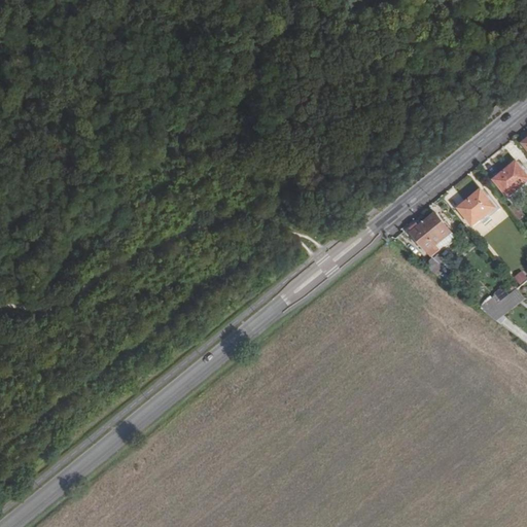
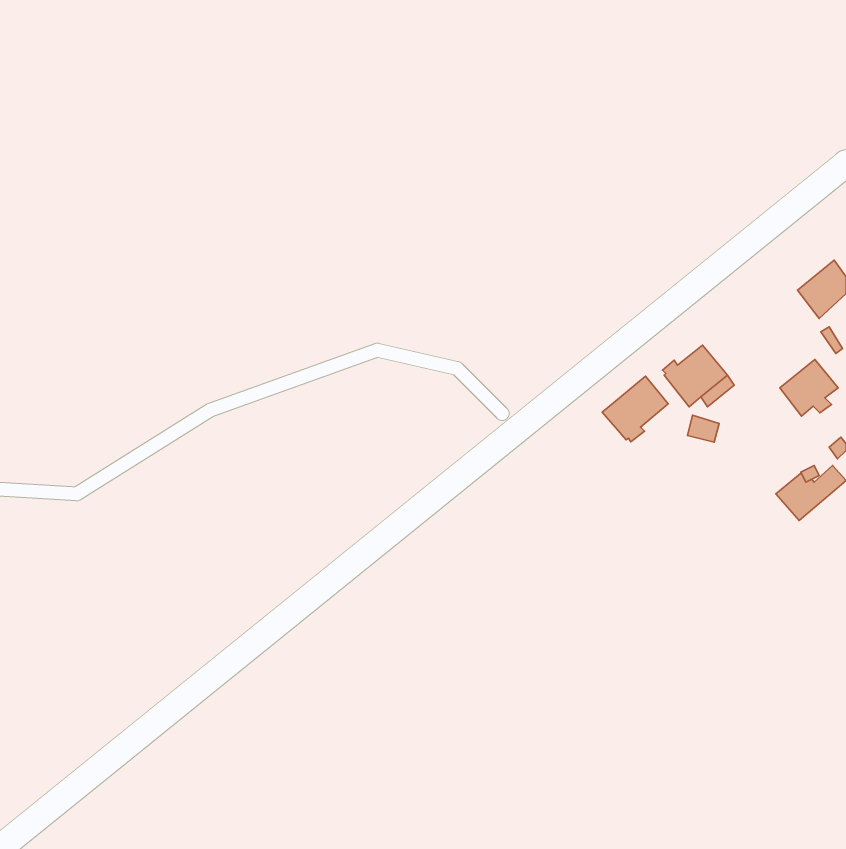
building: [457,189,493,224] -> [780,359,838,416]
building: none -> [602,376,668,442]

